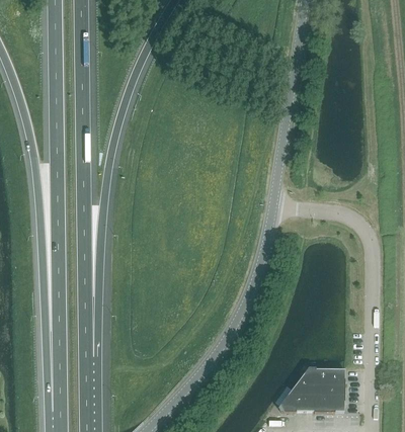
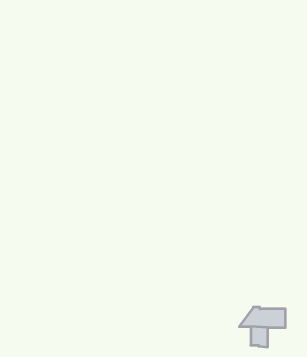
building: [278,390,305,412] -> none
building: [324,391,344,413] -> none

